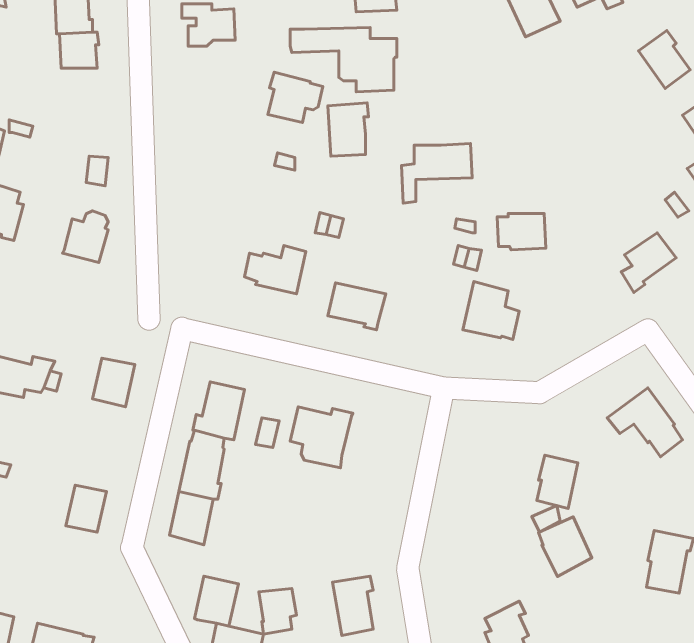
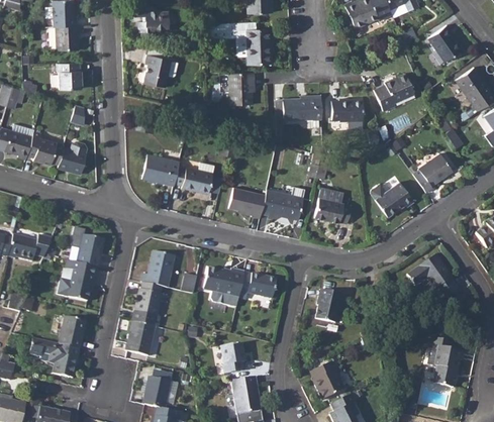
building: [268,72,323,122] -> [143,54,179,86]
building: none -> [57,62,81,89]
building: none -> [374,73,413,112]
building: none -> [27,130,64,166]
building: [497,214,546,250] -> [331,98,363,121]
building: none -> [142,154,180,186]
building: none -> [376,182,414,216]
building: none -> [261,189,303,219]
building: none -> [66,259,98,300]
building: none -> [237,273,276,300]
building: [537,455,578,508] -> [315,289,341,323]
building: none -> [30,337,80,378]
building: [539,517,592,577] -> [309,360,343,399]
building: [259,589,296,634] -> [221,343,245,373]

